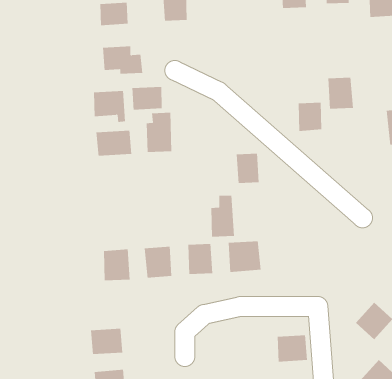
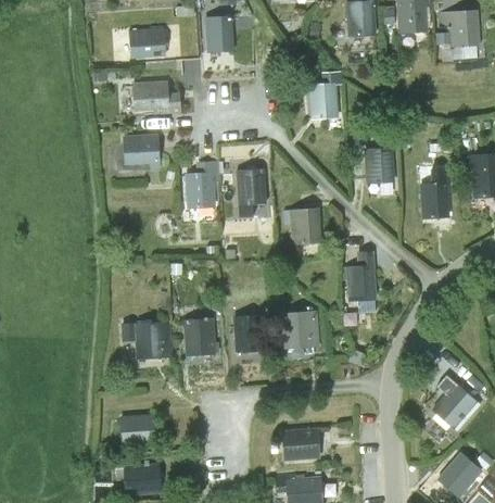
building: none -> [308,81,339,118]
building: [327,77,354,109] -> [419,181,450,219]
building: [132,86,162,111] -> none
building: none -> [237,168,265,203]
building: [96,130,132,157] -> none
building: [210,195,235,237] -> [346,251,376,301]
building: [277,335,308,362] -> [282,430,319,463]

